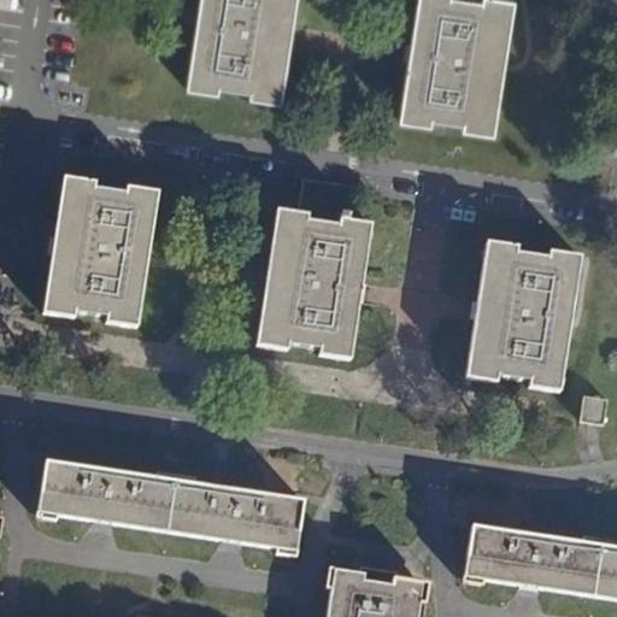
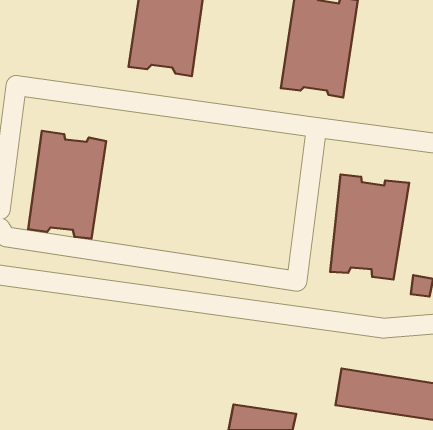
building: [257,217,364,365] -> none
building: [40,457,305,546] -> none

